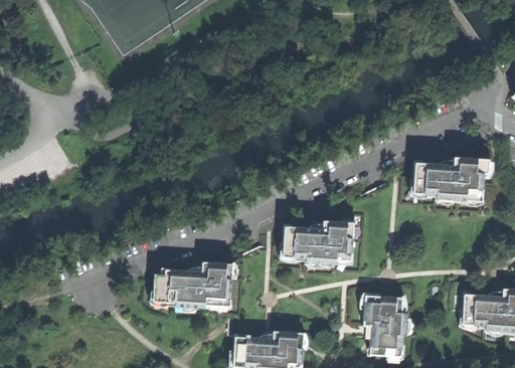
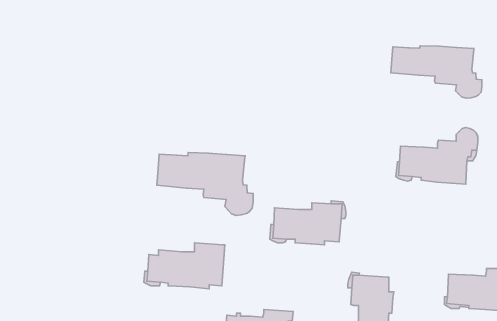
building: none -> [391,46,482,98]
building: none -> [157,153,253,215]

